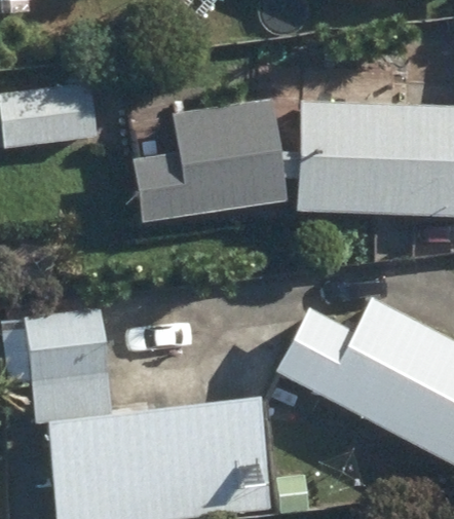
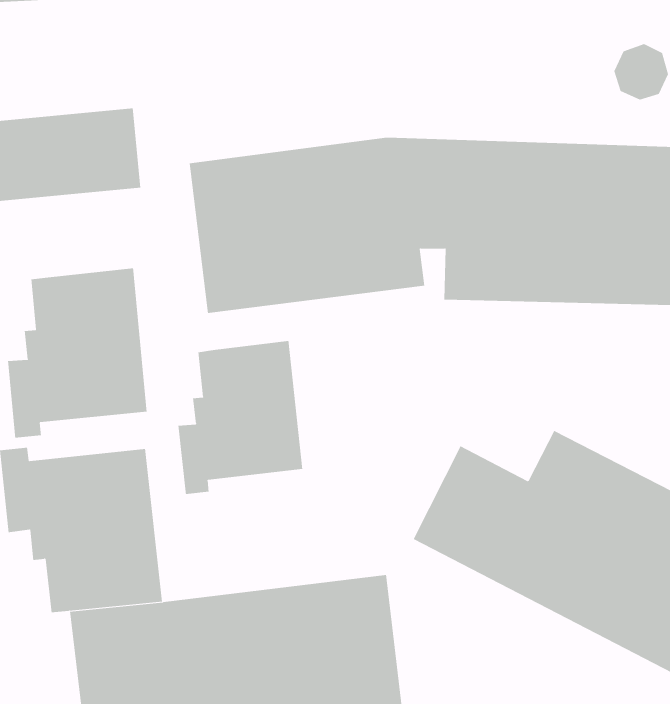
building: none -> [7,268,147,439]
building: none -> [178,340,303,495]

